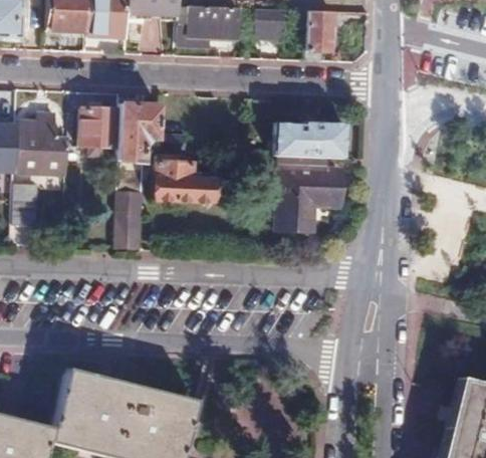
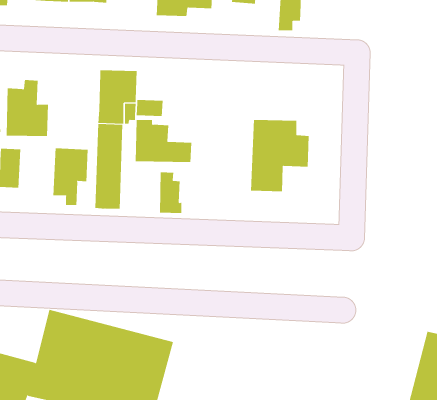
building: [79,107,118,147] -> none
building: [272,123,343,159] -> none
building: none -> [53,147,88,206]
building: none -> [159,171,182,214]

